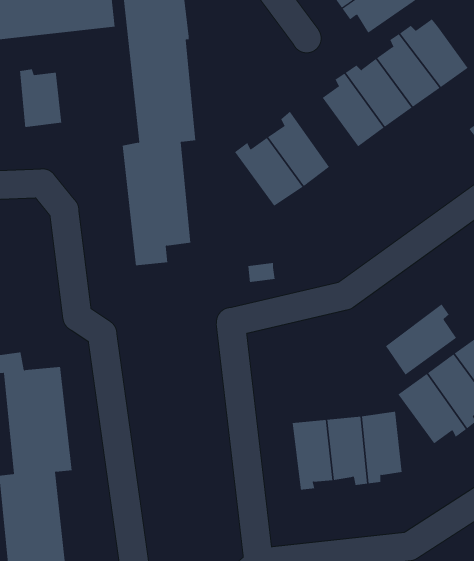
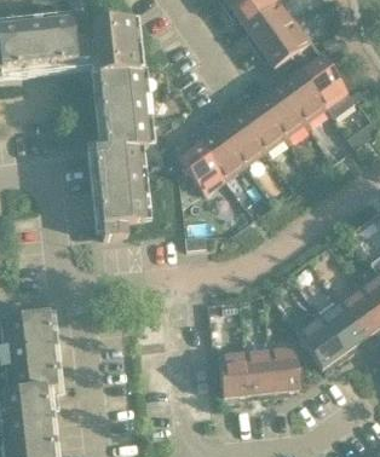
building: [19,69,62,128] -> none
building: none -> [218,114,267,164]
building: [385,304,457,376] -> none

